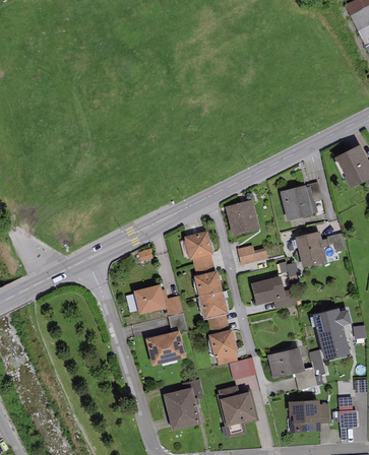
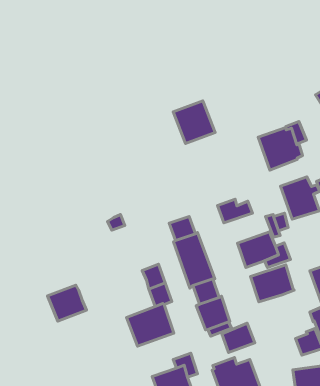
building: [225,199,260,236] -> [173,101,215,144]
building: [184,231,213,260] -> none
building: [133,284,167,315] -> [47,285,86,321]
building: [267,347,305,378] -> [250,265,294,302]

